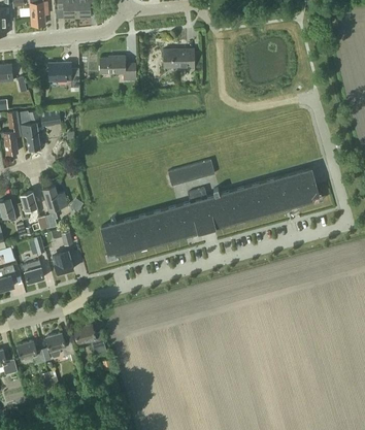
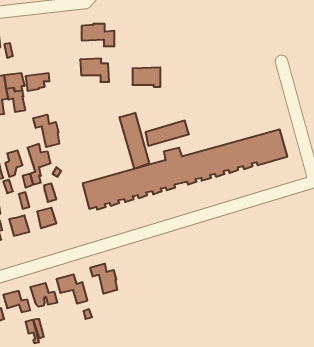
building: [164,49,194,70] -> [132,67,160,87]
building: [48,63,79,88] -> [80,59,109,82]
building: none -> [120,113,149,169]
building: none -> [33,115,59,147]
building: none -> [90,264,117,294]

